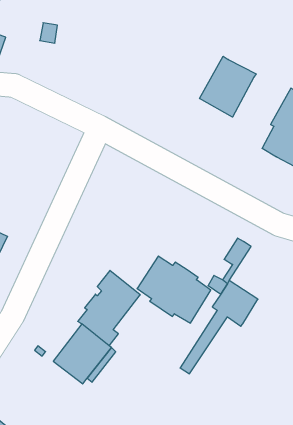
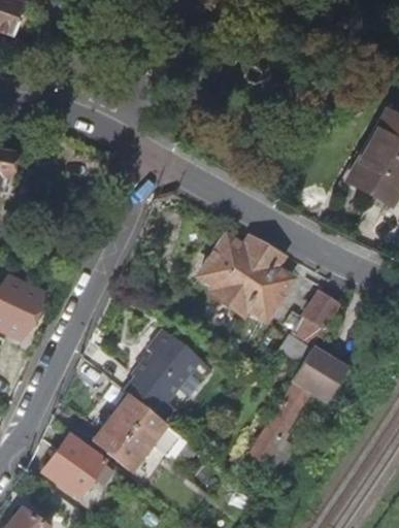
building: [200,56,256,117] -> none
building: [137,256,211,323] -> [200,231,290,312]
building: none -> [42,432,101,492]

